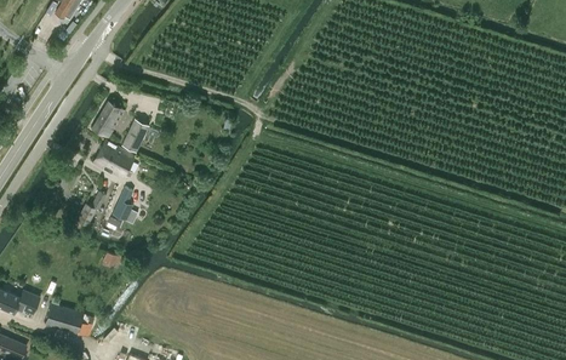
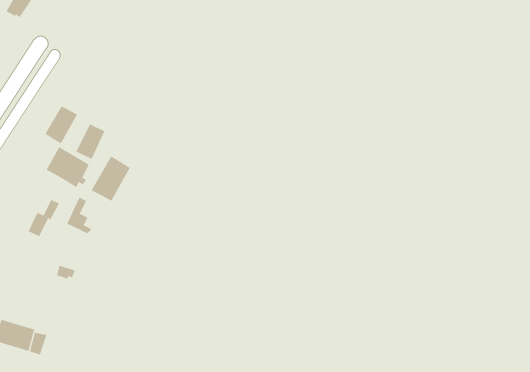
building: none -> [91,156,131,202]

